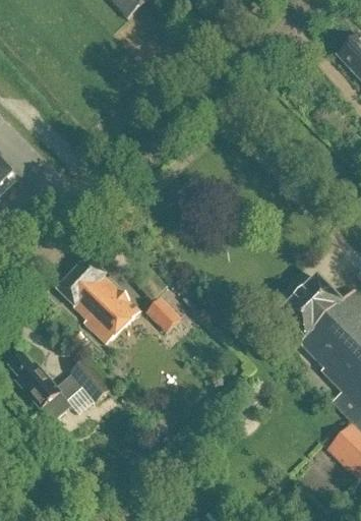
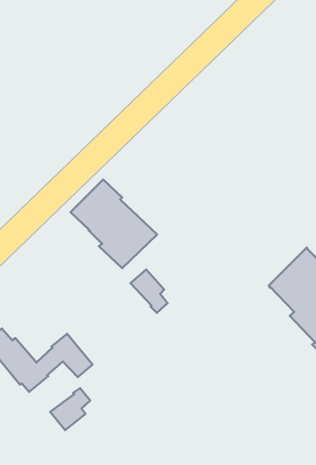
building: [57,257,140,343] -> [70,180,157,268]
building: none -> [50,388,90,430]

